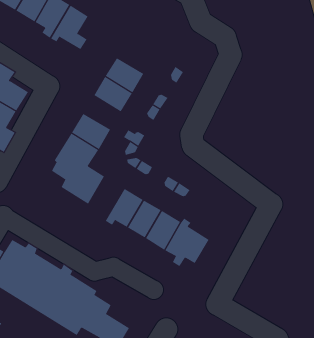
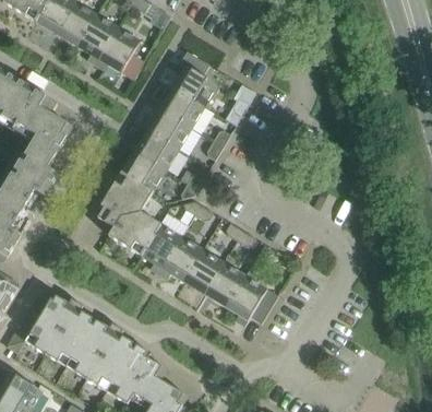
building: none -> [172,51,217,107]
building: none -> [134,131,178,170]
building: none -> [141,213,188,274]

